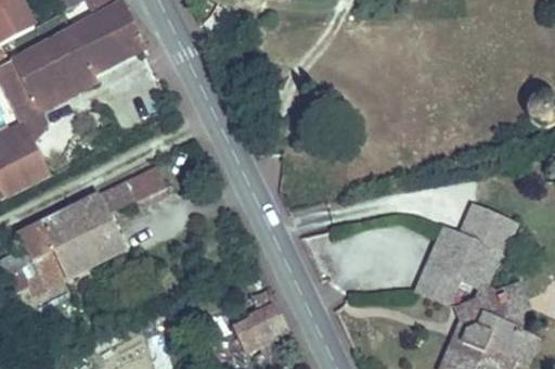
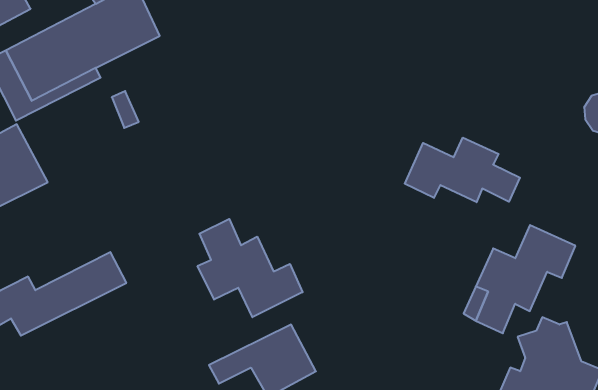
building: none -> [405,138,520,202]
building: [22,174,154,267] -> none
building: none -> [198,219,303,317]

